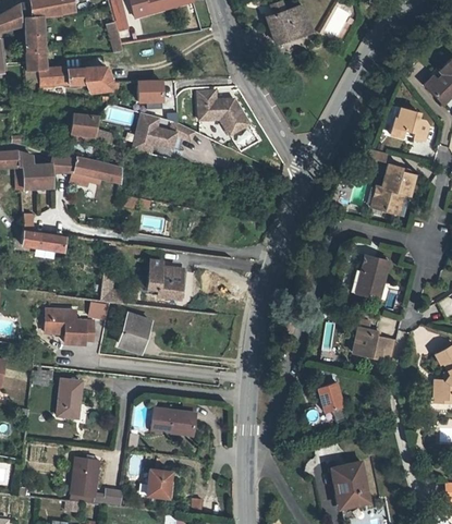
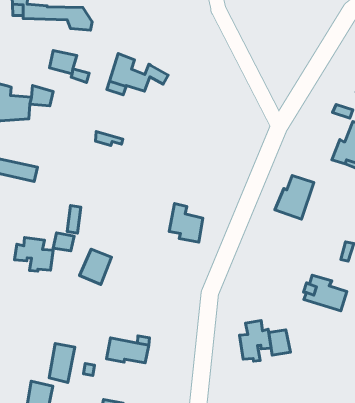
building: [127,80,162,100] -> none
building: [197,90,248,135] -> none
building: [73,157,121,183] -> none
building: [352,254,390,298] -> [275,175,314,219]
building: [148,259,182,297] -> [169,203,203,242]
building: none -> [239,321,271,361]
building: [58,380,82,419] -> [49,344,75,382]

